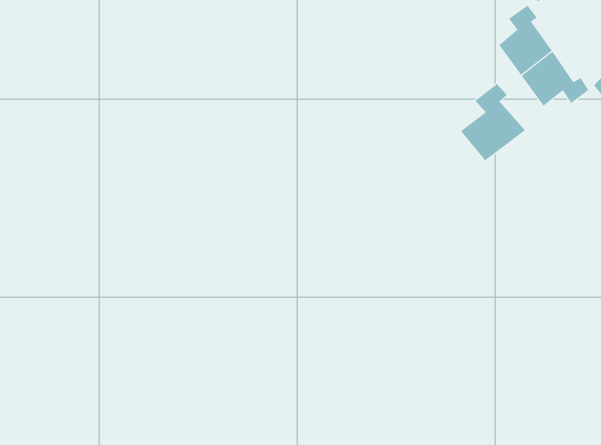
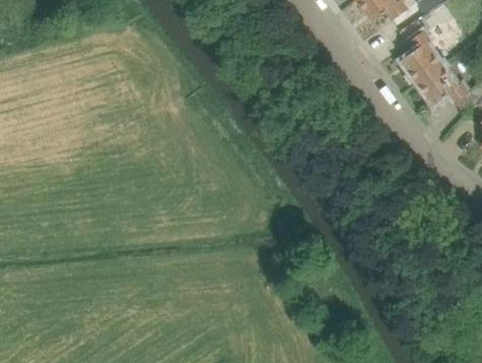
building: [460,83,526,161] -> none

